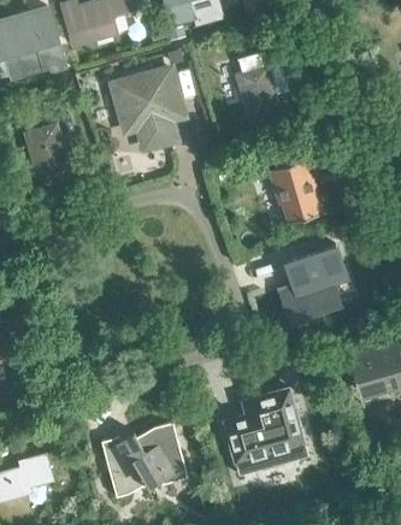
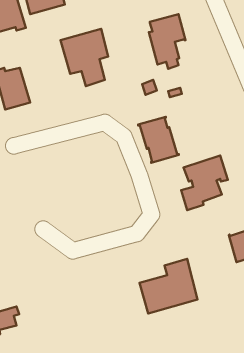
building: [267,160,324,224] -> [138,117,179,163]
building: [117,418,204,492] -> none

